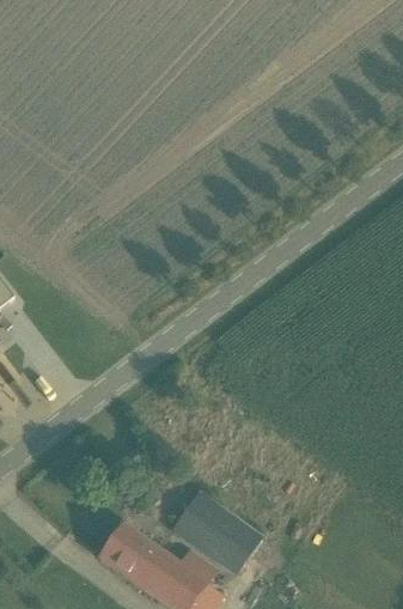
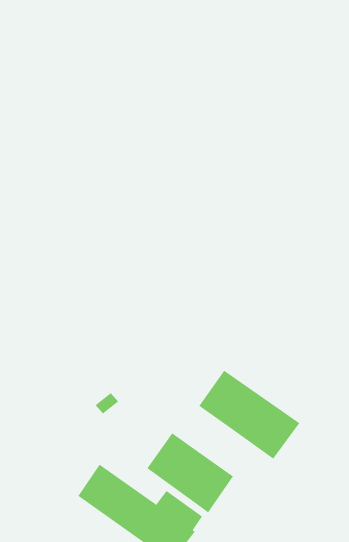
building: none -> [198,370,300,460]

